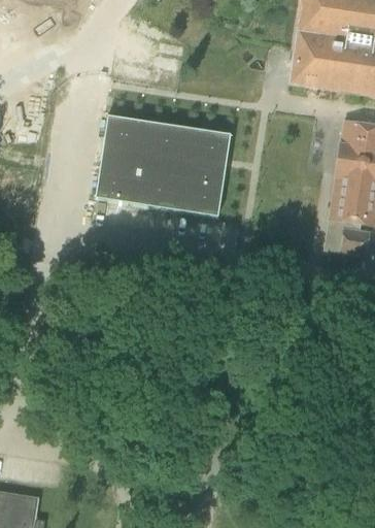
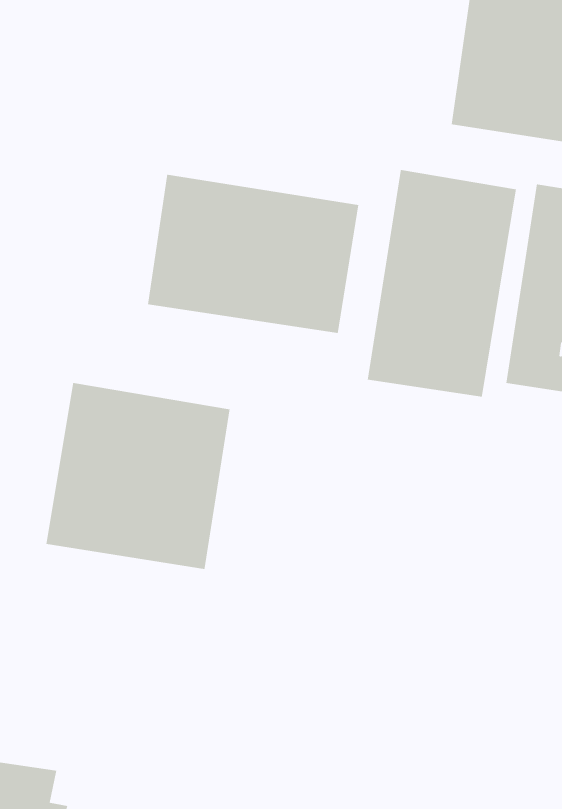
building: none -> [367,169,517,398]
building: none -> [46,382,230,570]

